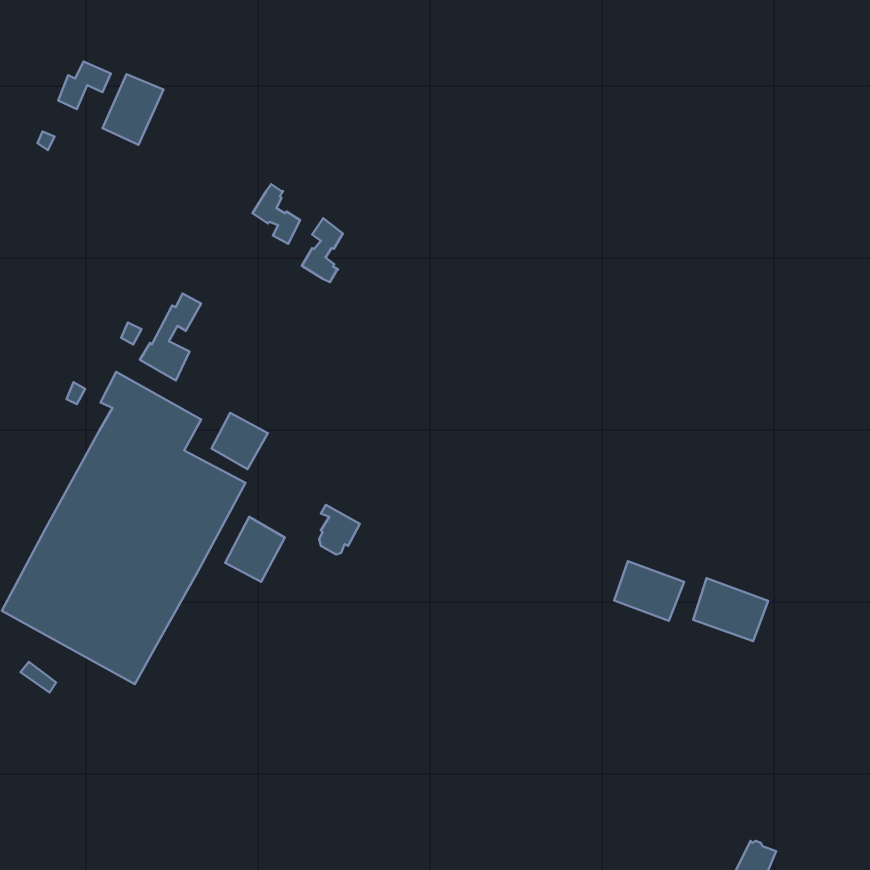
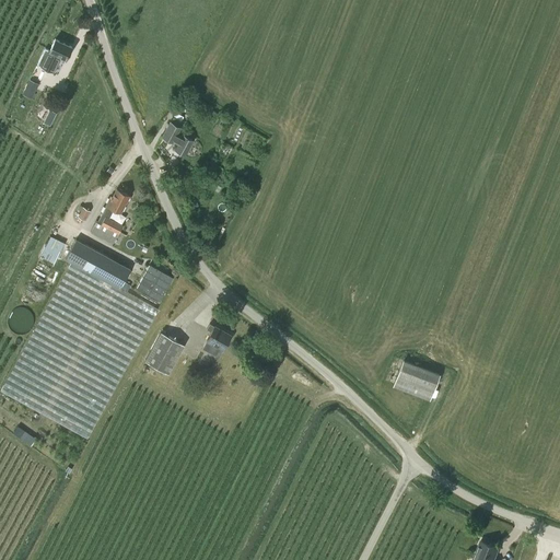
building: [103,74,164,145] -> none
building: [302,218,343,282] -> none
building: [693,578,768,641] -> none

